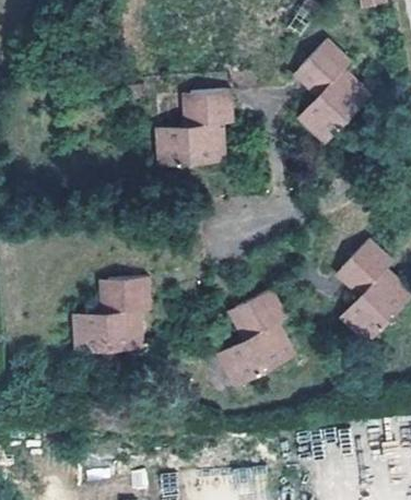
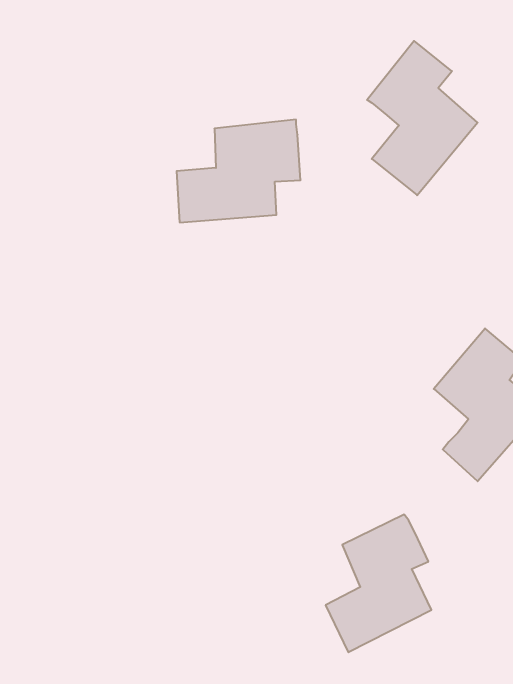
building: [71,281,157,352] -> none
building: [213,286,290,385] -> [326,515,431,652]

